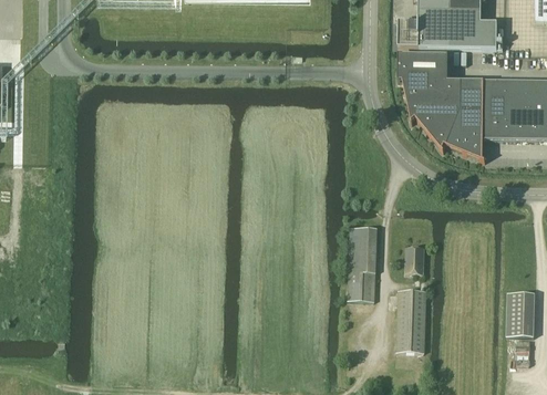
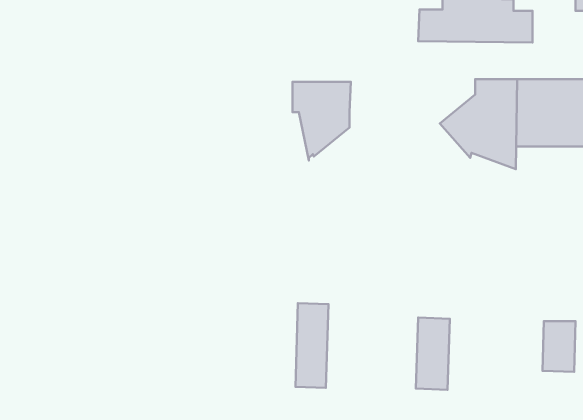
building: [399,54,450,123] -> [292,82,351,160]
building: [348,227,376,301] -> [295,303,328,388]
building: [405,247,424,273] -> none

